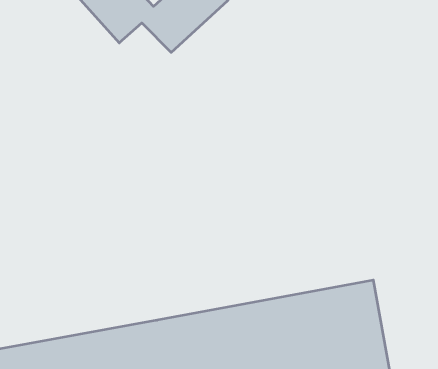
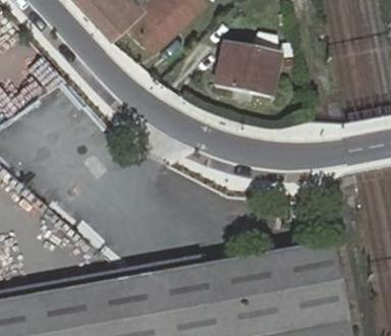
building: none -> [213,46,276,98]

